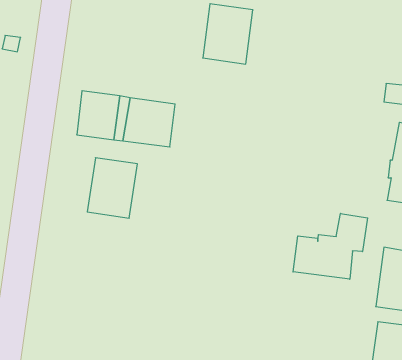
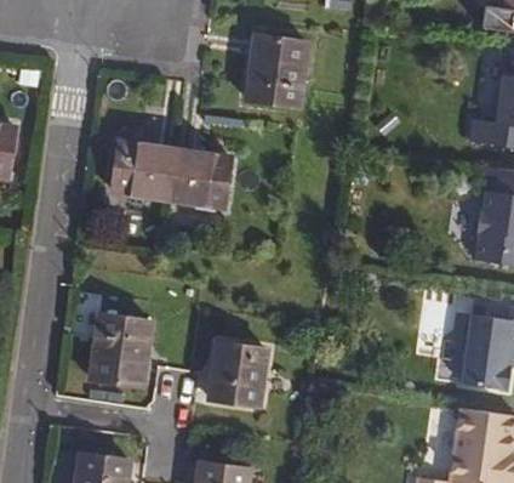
building: [87,158,137,218] -> [91,322,150,393]
building: [293,213,368,279] -> none
building: none -> [210,348,268,413]

